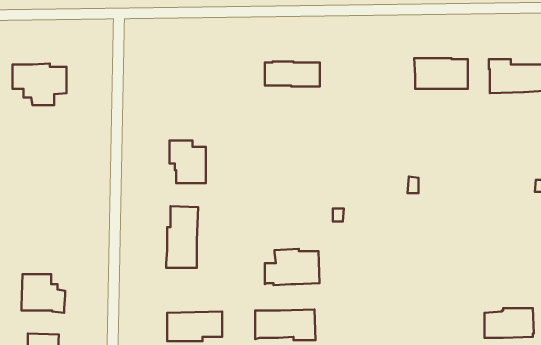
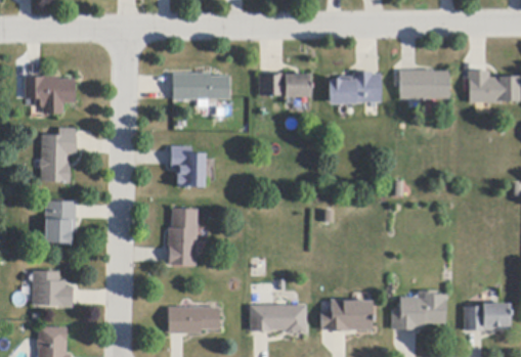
building: none -> [330,71,382,104]
building: none -> [172,72,230,107]
building: none -> [40,128,78,182]
building: none -> [46,200,77,243]
building: [265,249,320,285] -> [321,298,373,331]
building: none -> [392,291,447,329]

